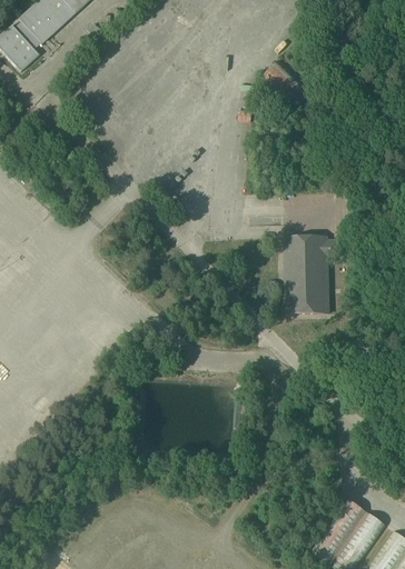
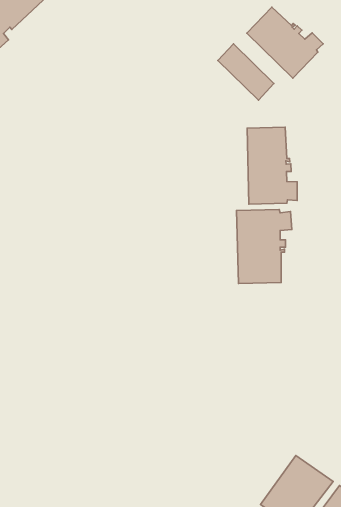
building: none -> [247,7,323,78]
building: none -> [247,127,297,204]

